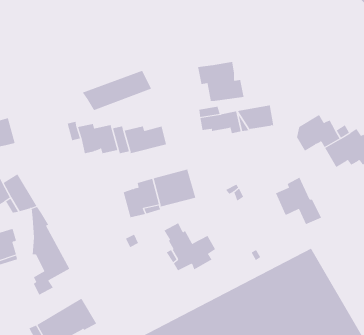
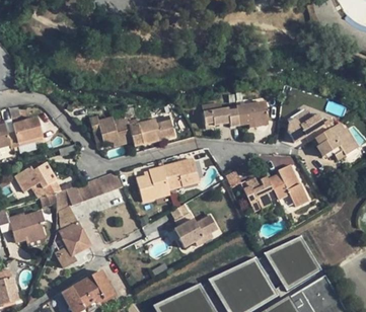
building: [198,61,244,102] -> none
building: [82,70,152,111] -> [62,171,123,207]
building: none -> [244,177,277,211]

